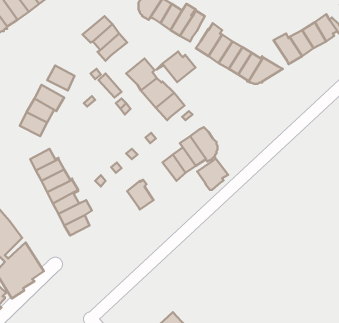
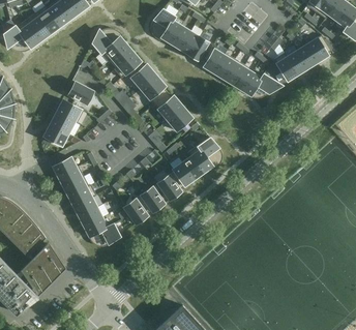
building: none -> [92,29,122,54]
building: [157,51,195,82] -> [121,61,156,89]
building: [197,157,228,190] -> [157,170,185,200]
building: none -> [123,196,151,224]
building: none -> [89,223,120,246]

